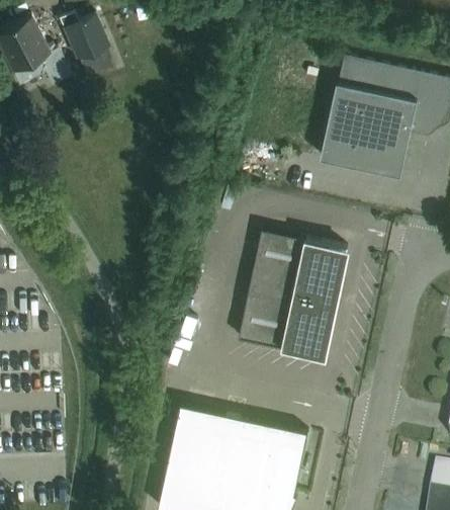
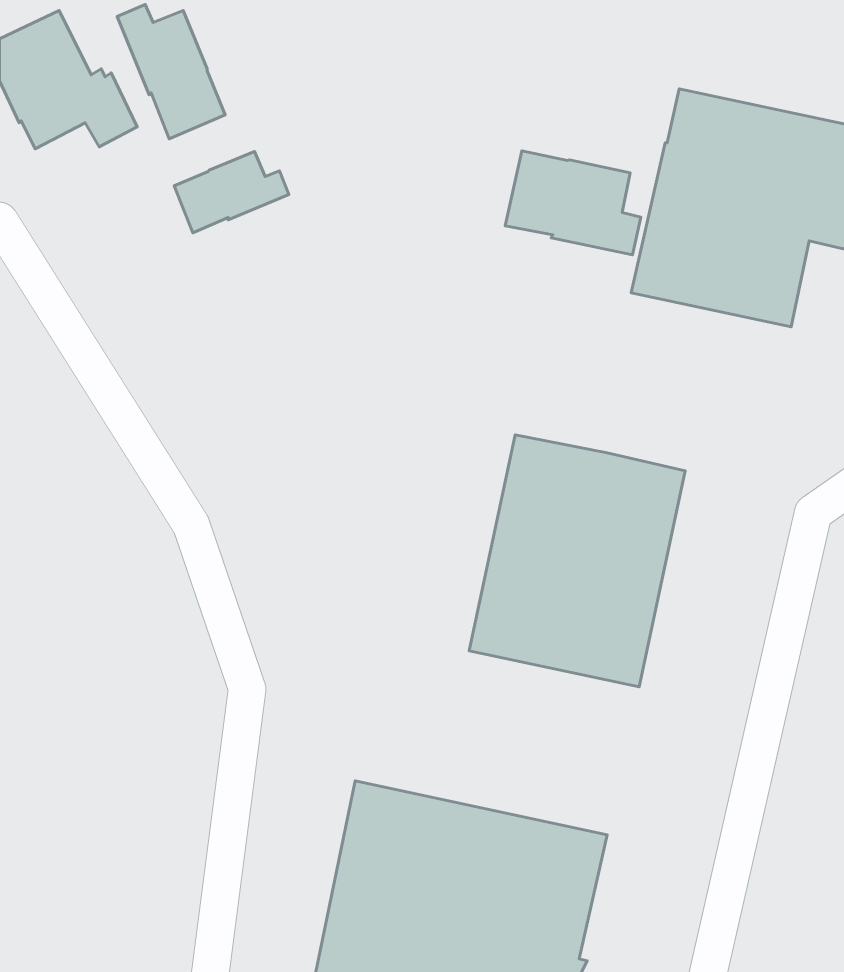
building: none -> [505,151,641,255]
building: none -> [174,152,289,233]

